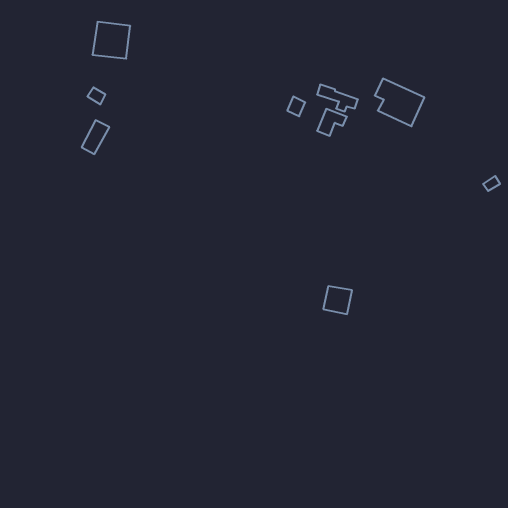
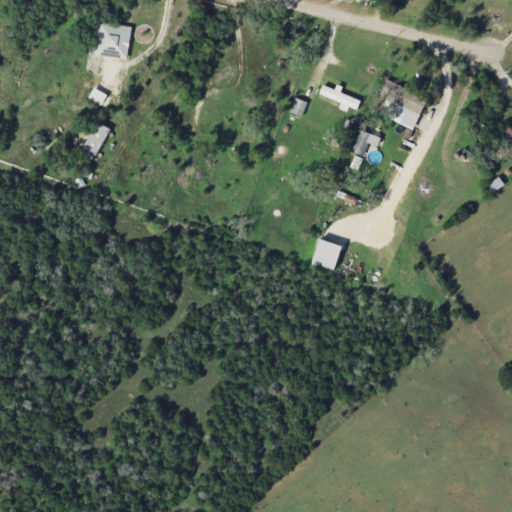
building: [317,109,347,136] -> [350,129,380,156]
building: [323,286,352,314] -> [312,240,341,268]

